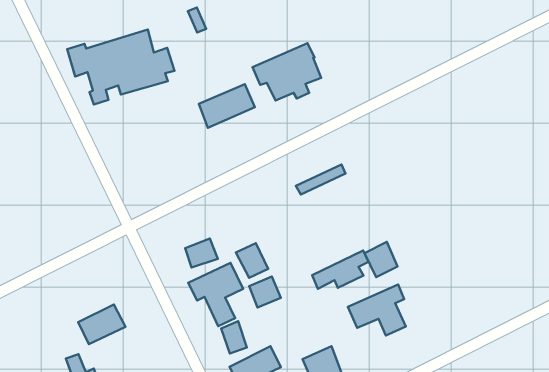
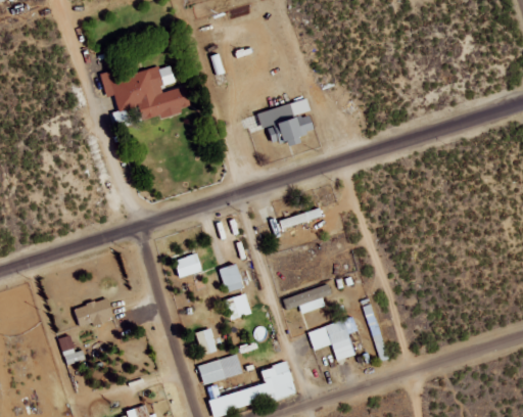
building: [199,84,255,128] -> none
building: [365,242,397,277] -> none
building: [188,263,243,326] -> none

